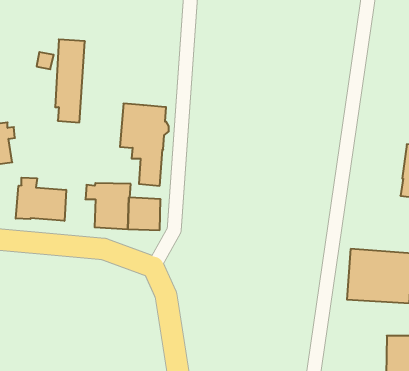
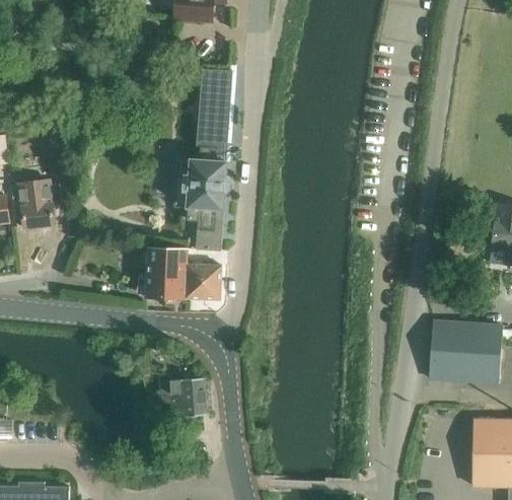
building: [55,39,85,122] -> [198,69,231,162]
building: [16,178,66,221] -> none
building: none -> [160,378,207,417]

